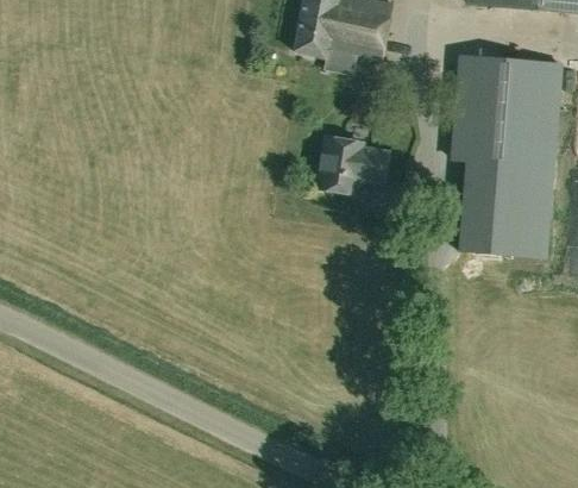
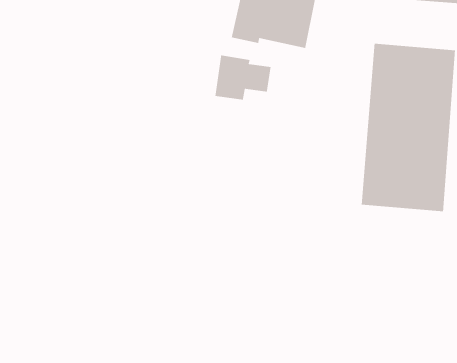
building: [320,137,388,192] -> [214,54,271,100]

